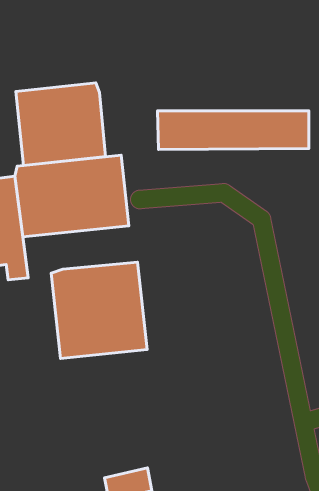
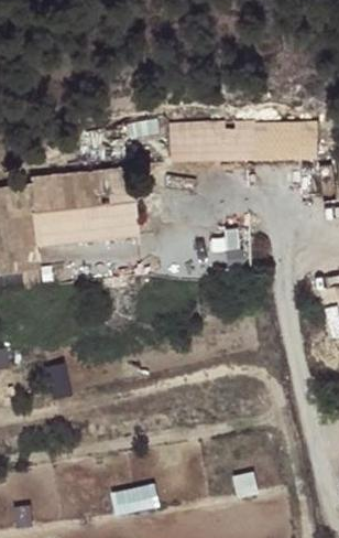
building: [16,83,105,166] -> none
building: [51,262,147,359] -> none

